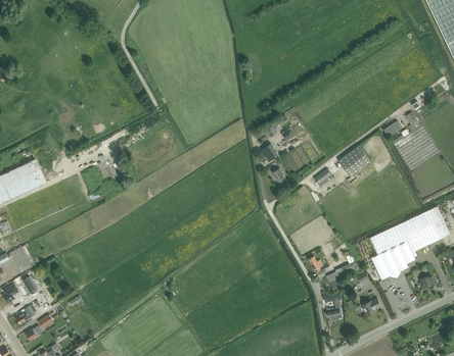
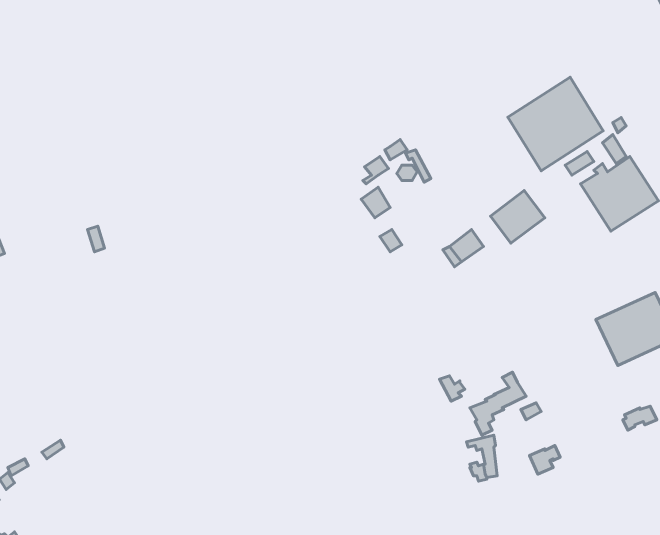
building: none -> [508,77,603,171]
building: [369,222,417,279] -> none

